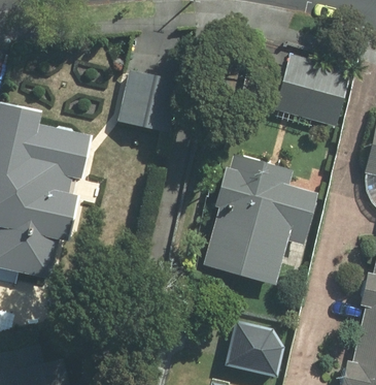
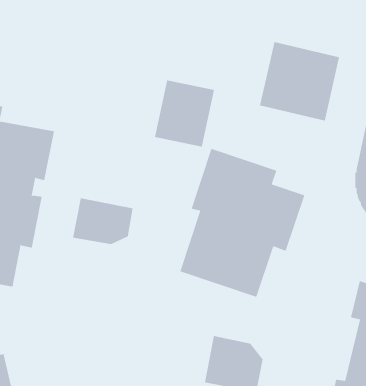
building: [117,69,173,131] -> [154,80,215,147]
building: none -> [73,198,133,245]

